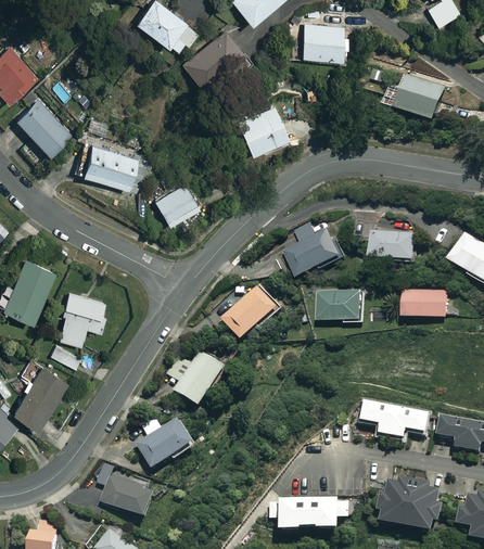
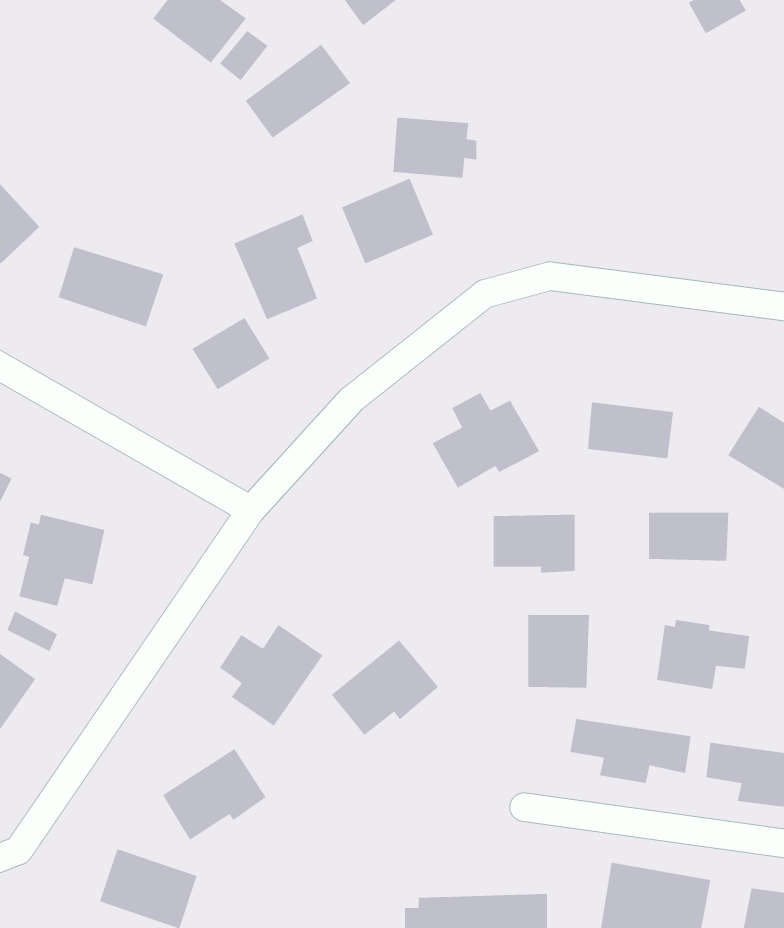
building: [300,23,346,56] -> [392,117,477,178]
building: [397,75,446,118] -> none
building: none -> [234,213,318,320]
building: [221,289,281,342] -> [331,640,439,736]
building: none -> [528,614,589,689]
building: none -> [657,619,750,690]

